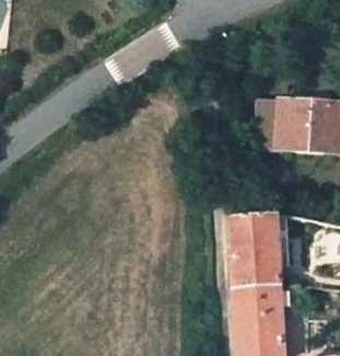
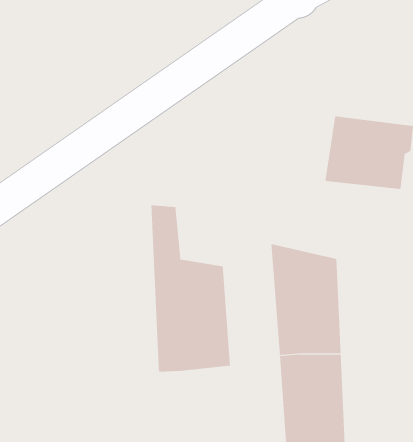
building: none -> [151,205,231,373]

